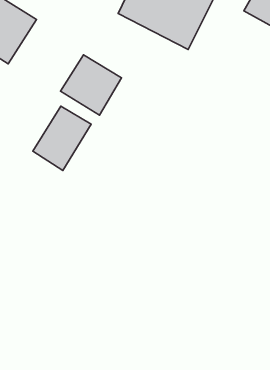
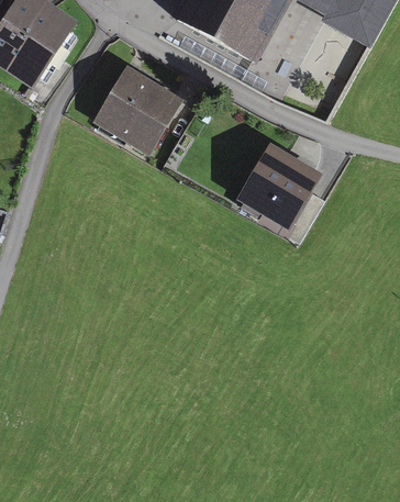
building: [33,106,91,170] -> none
building: none -> [243,146,314,219]

